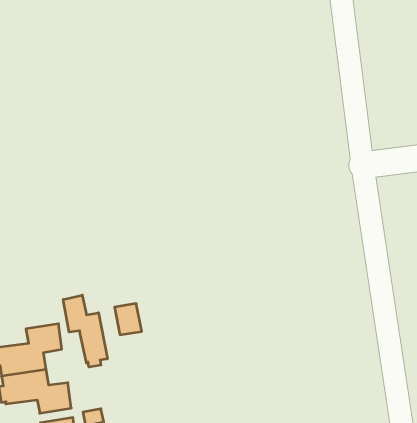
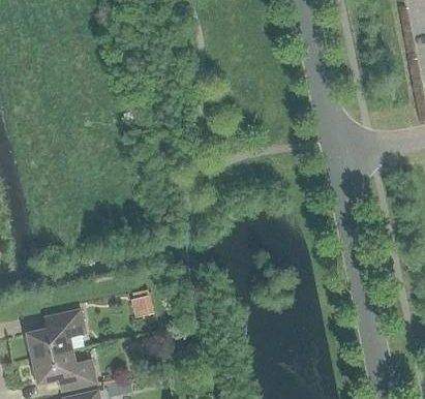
building: [63,295,107,367] -> none

